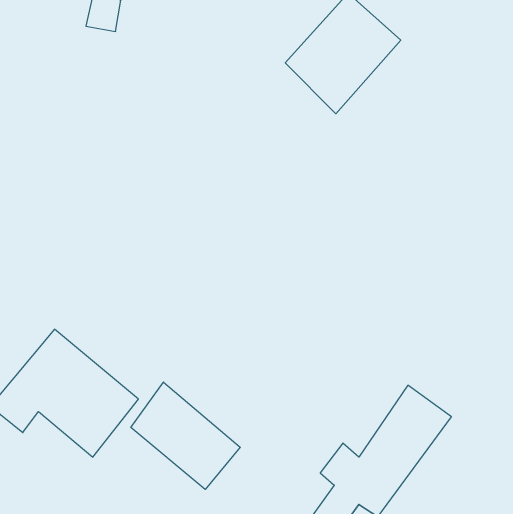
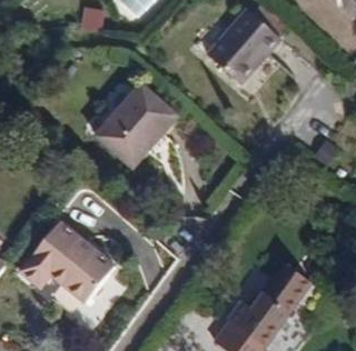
building: none -> [95,81,180,168]
building: [131,382,240,489] -> none

